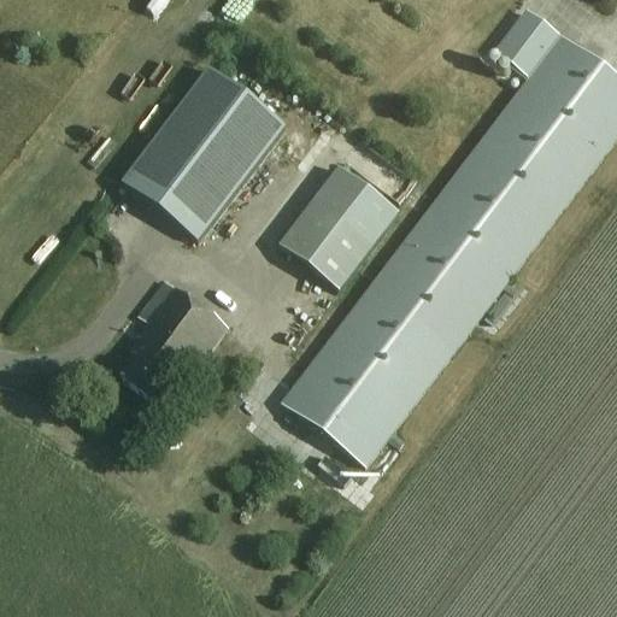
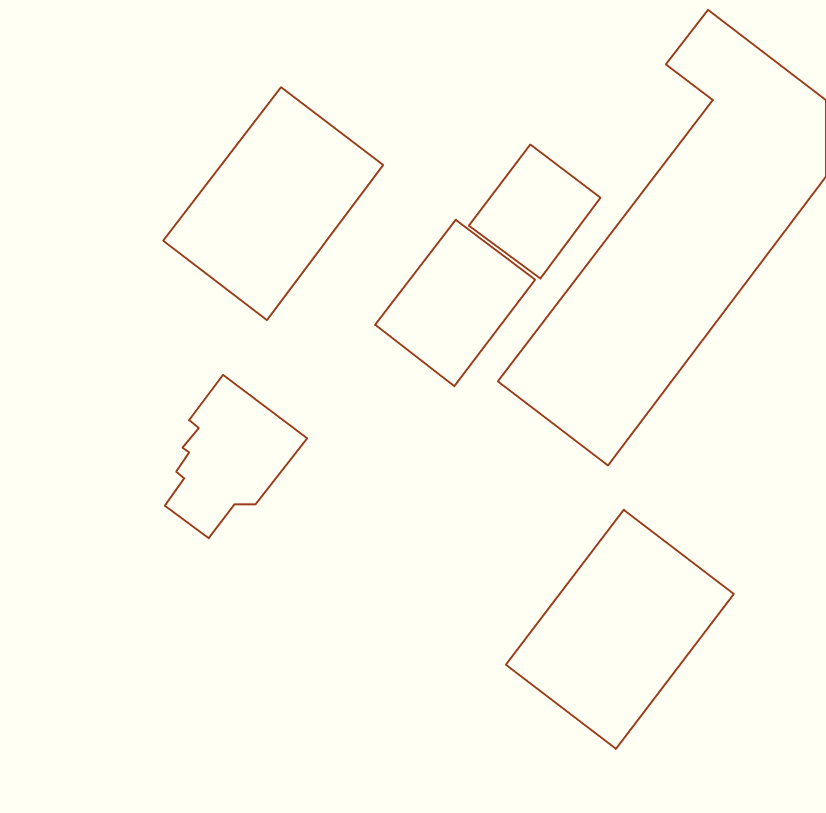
building: none -> [469,145,600,279]
building: [283,284,453,463] -> [506,510,734,749]

